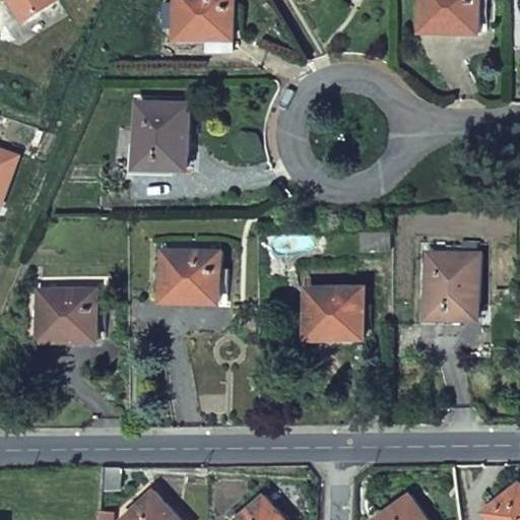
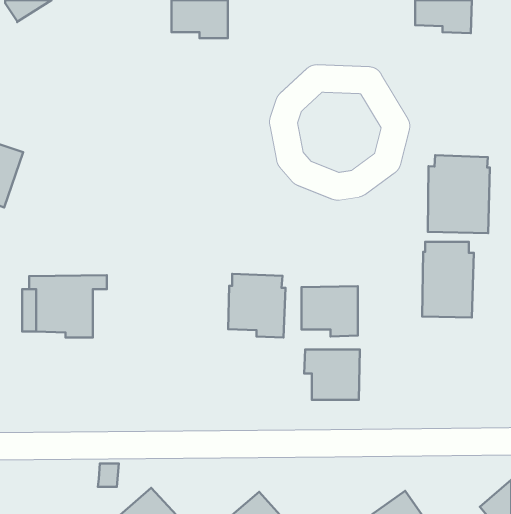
building: [134,105,186,170] -> none
building: none -> [428,155,490,233]
building: [159,240,217,304] -> [228,274,286,337]
building: none -> [304,349,360,400]

